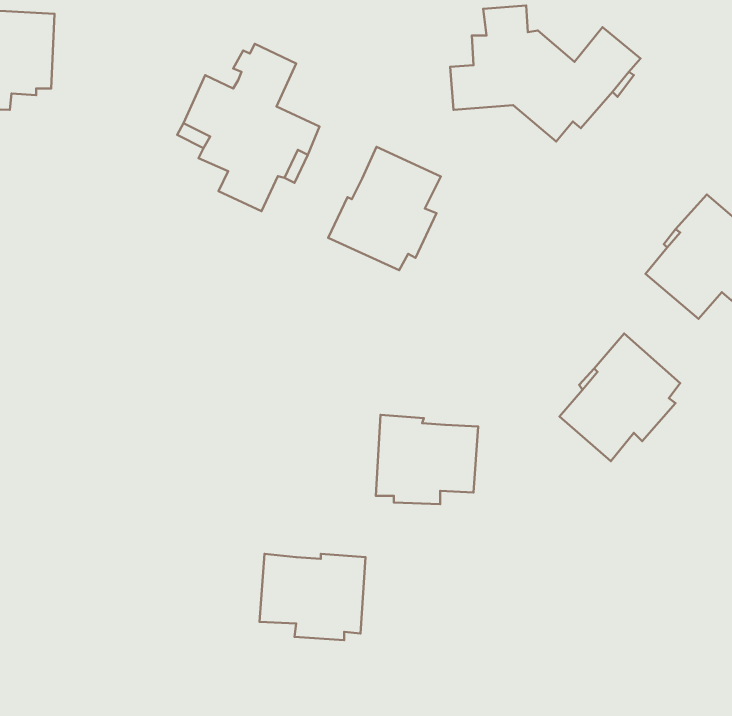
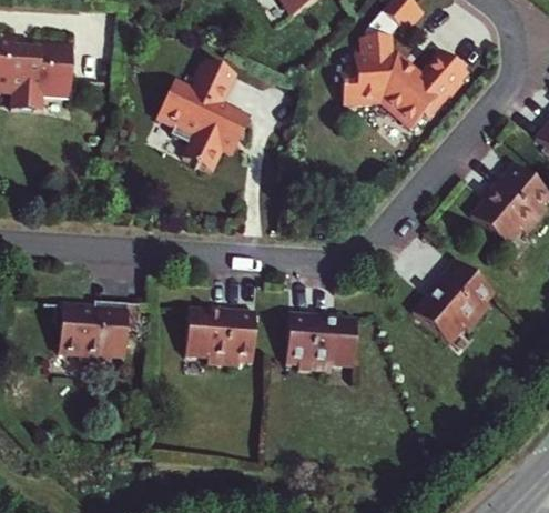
building: [328,147,441,270] -> none
building: none -> [55,301,130,363]
building: [260,554,366,640] -> [184,308,255,365]

